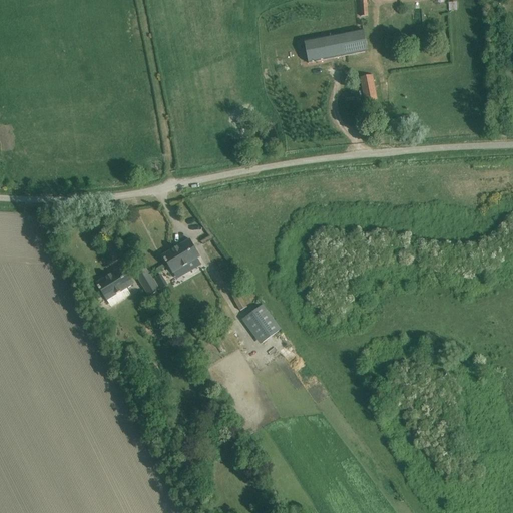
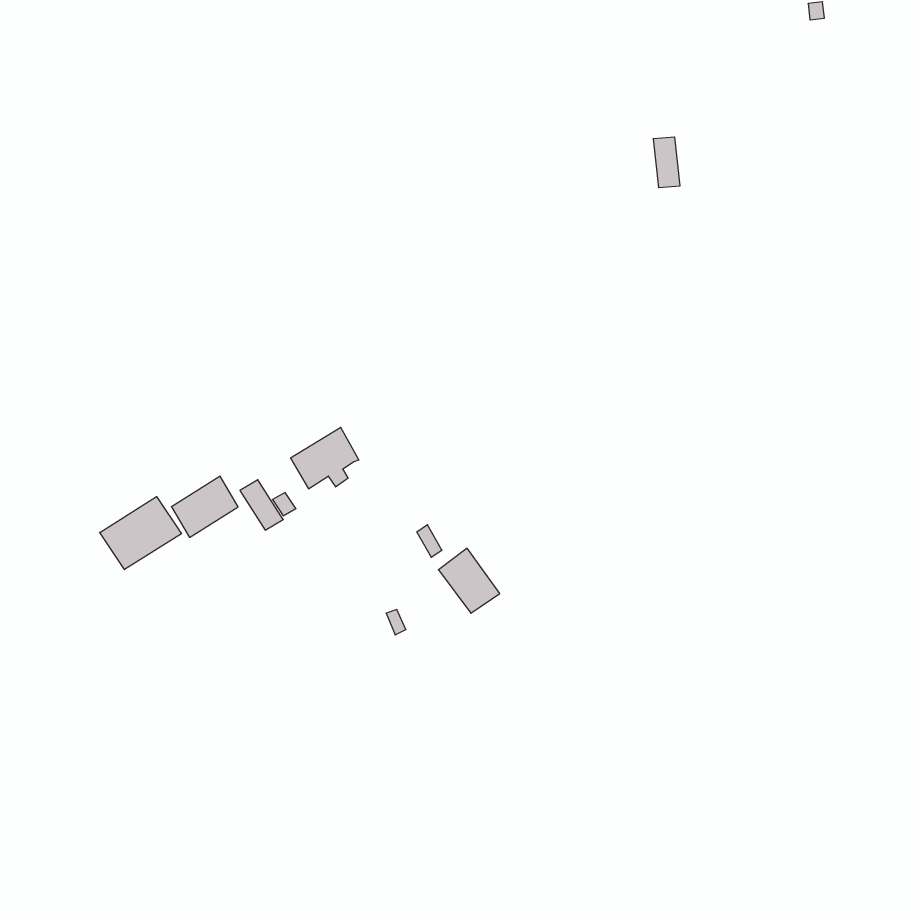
building: [303,29,367,62] -> none
building: none -> [100,497,181,570]

